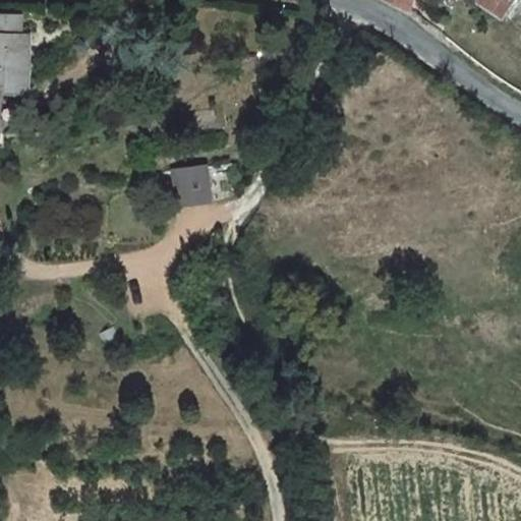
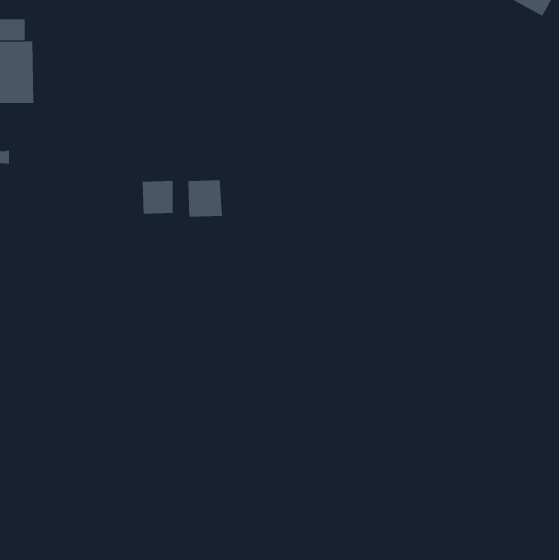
building: none -> [142,180,173,214]

